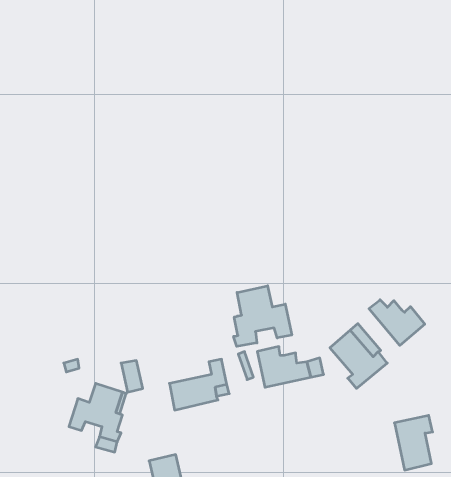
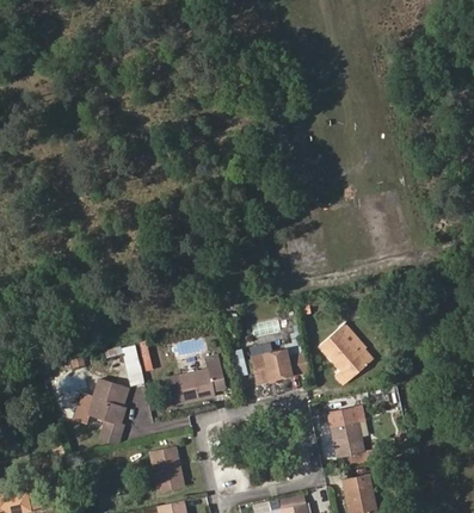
building: [234,286,292,346] -> none
building: [369,300,425,345] -> none
building: [394,415,433,470] -> [328,406,364,457]

